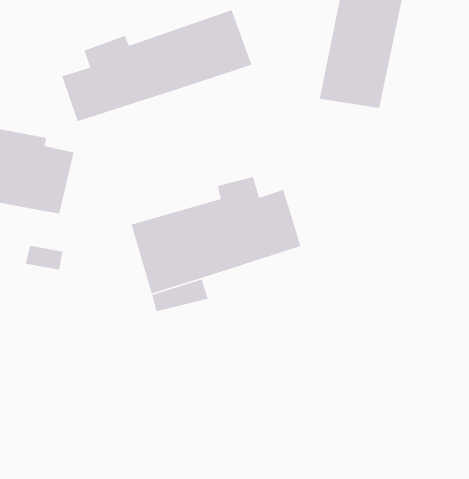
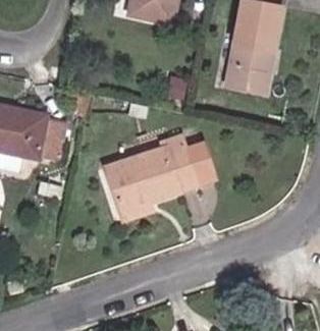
building: [61,9,252,122] -> none

